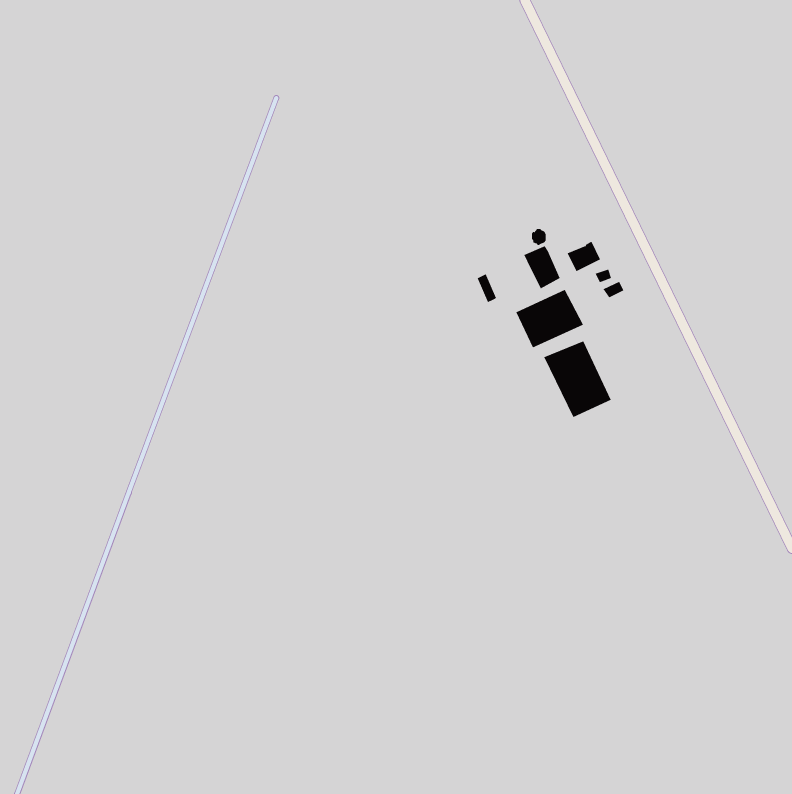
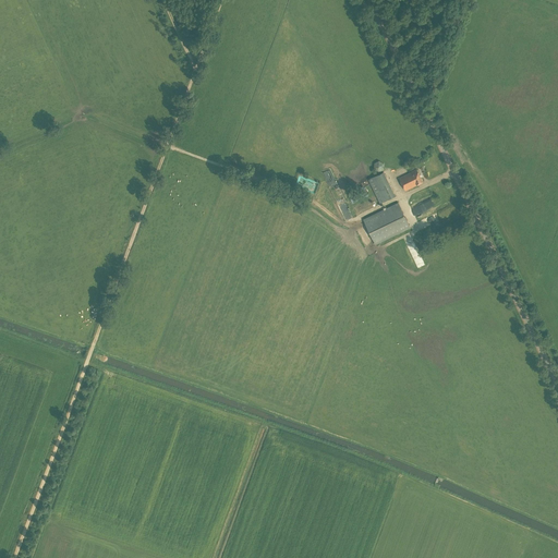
building: [544,340,612,418] -> none

